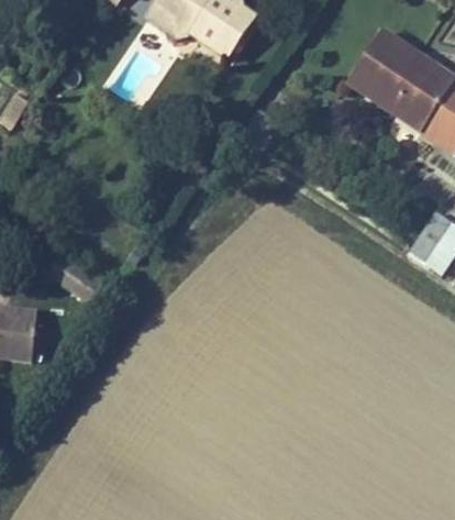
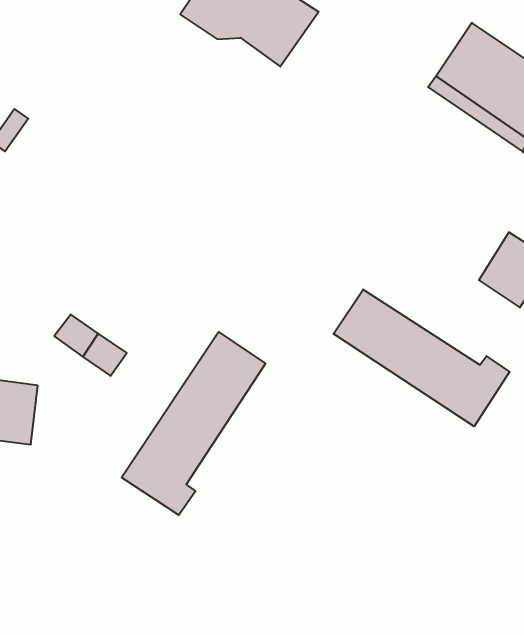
building: none -> [333,289,510,426]
building: none -> [122,332,265,515]

